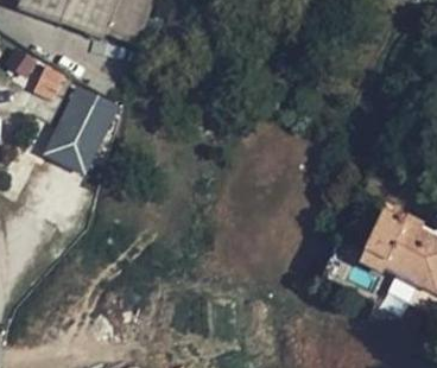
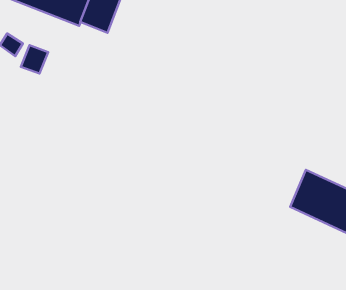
building: [44,77,115,163] -> none

